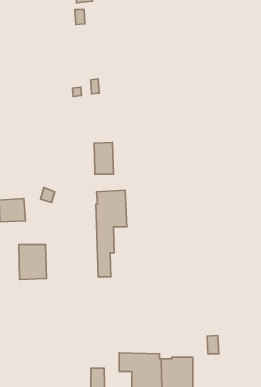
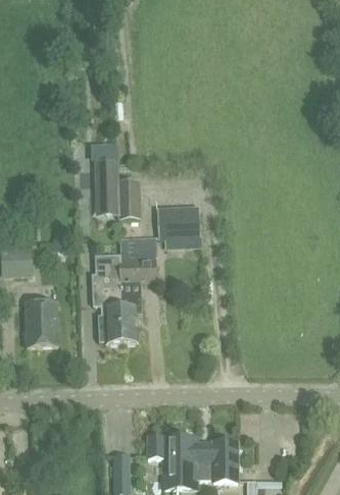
building: none -> [94,160,117,214]
building: none -> [156,206,202,248]
building: none -> [92,254,122,343]

